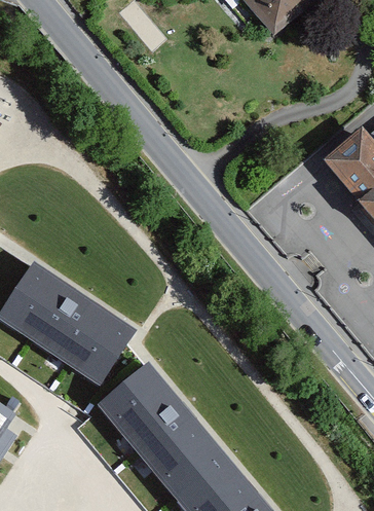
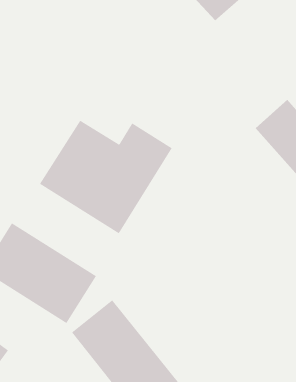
building: none -> [39,120,173,234]

